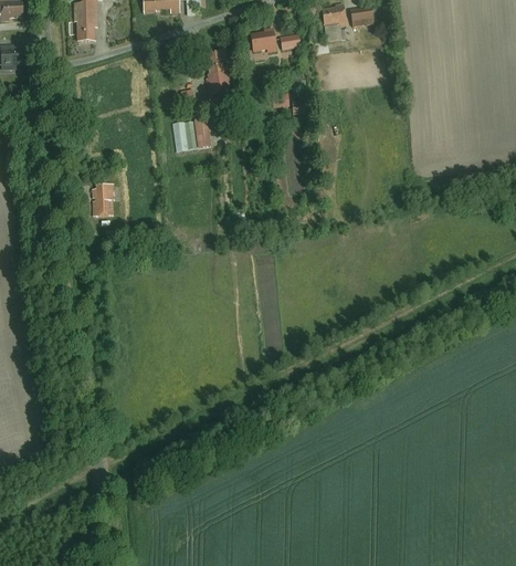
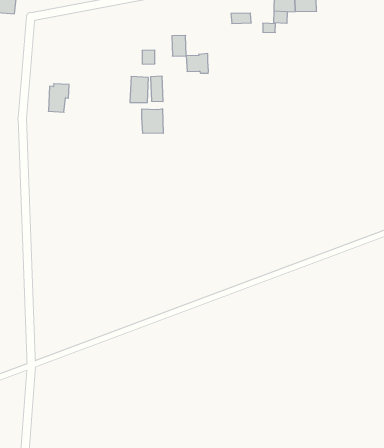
building: [250,28,277,51] -> [186,54,208,73]
building: none -> [142,109,163,133]
building: [91,184,114,217] -> [48,84,69,112]

